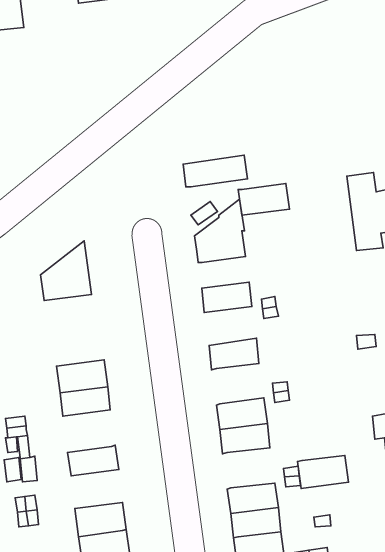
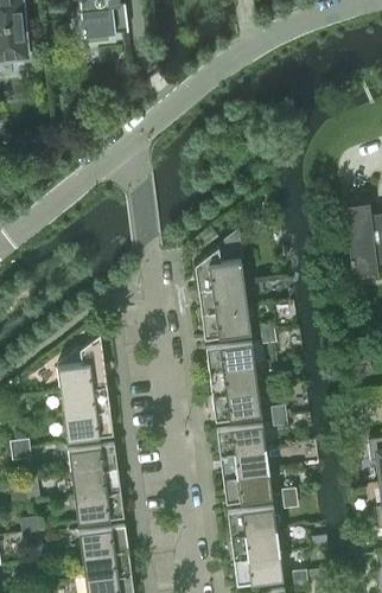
building: [183,155,247,187] -> none
building: [238,184,290,215] -> [198,285,248,315]
building: [40,241,92,300] -> [57,333,107,391]
building: none -> [205,340,255,371]
building: none -> [211,389,261,421]
building: none -> [68,442,117,476]
building: [297,456,349,488] -> [222,471,272,503]
building: none -> [75,492,123,523]

